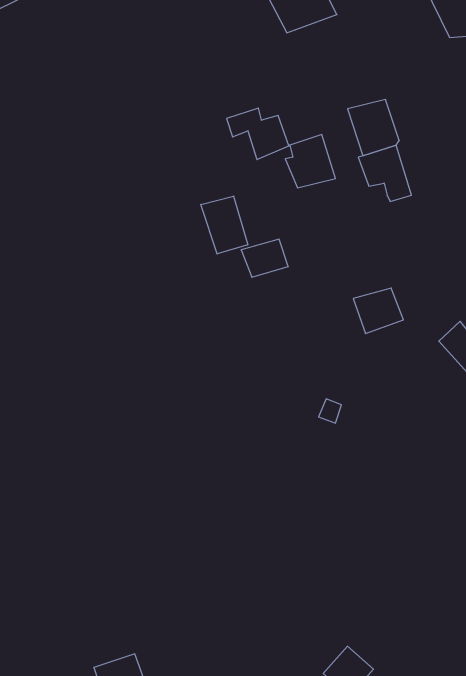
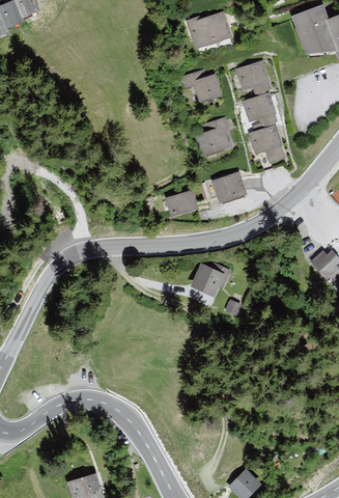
building: none -> [234,61,270,94]
building: [227,108,289,160] -> [181,68,224,104]
building: [201,196,248,254] -> none
building: [353,288,403,334] -> [213,173,247,204]
building: none -> [190,266,229,298]

